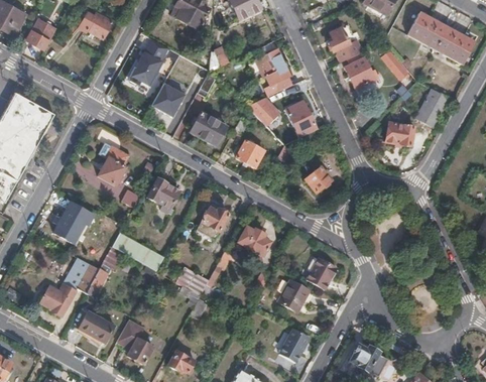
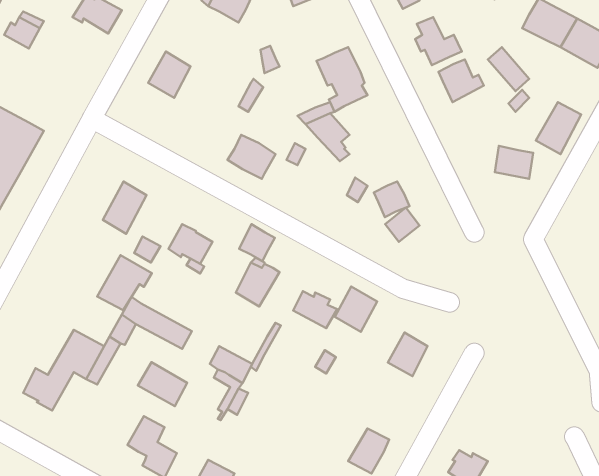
building: [151,83,185,117] -> none
building: [288,105,315,131] -> [374,181,410,217]
building: [236,139,262,166] -> [239,224,275,261]
building: [53,201,94,241] -> [97,255,152,310]
building: [278,279,310,312] -> [335,287,377,332]
building: [77,310,113,343] -> [138,362,187,406]

